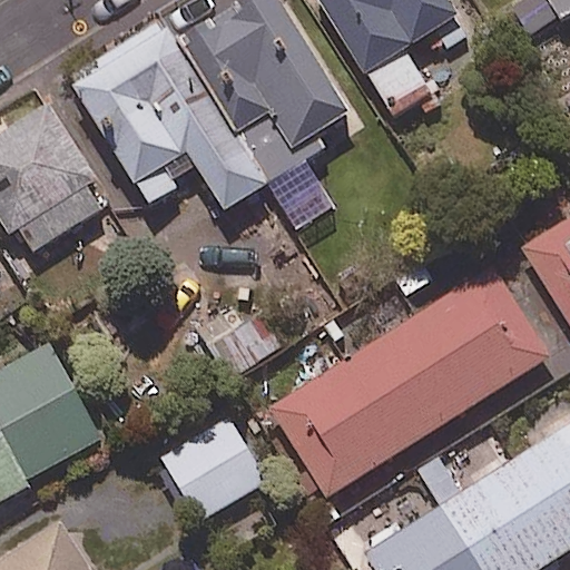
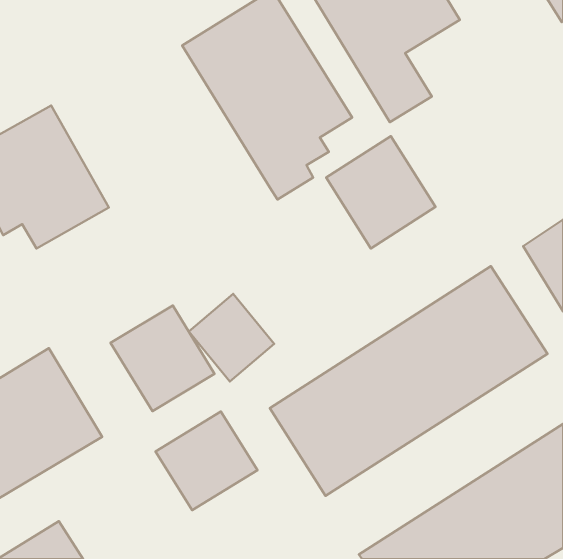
building: [72,27,271,216] -> none
building: none -> [326,136,436,248]
building: none -> [111,306,215,411]

